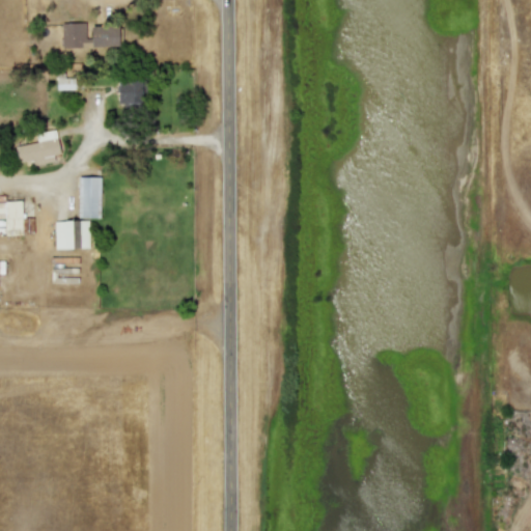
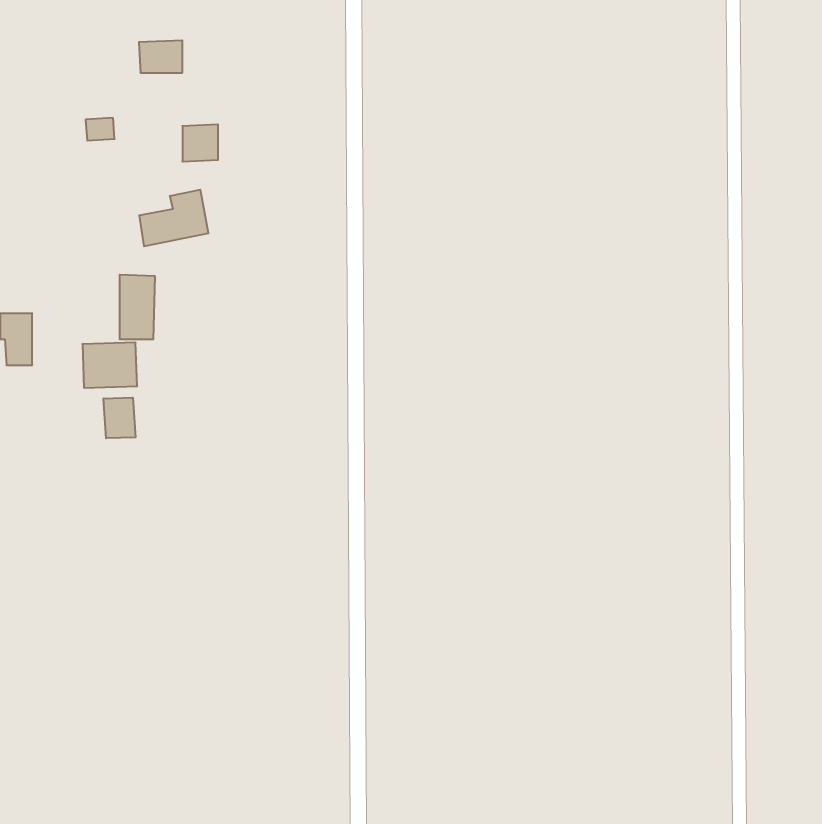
building: [62,24,85,49] -> none
building: [17,131,61,167] -> [139,190,208,246]
building: none -> [104,398,135,438]

